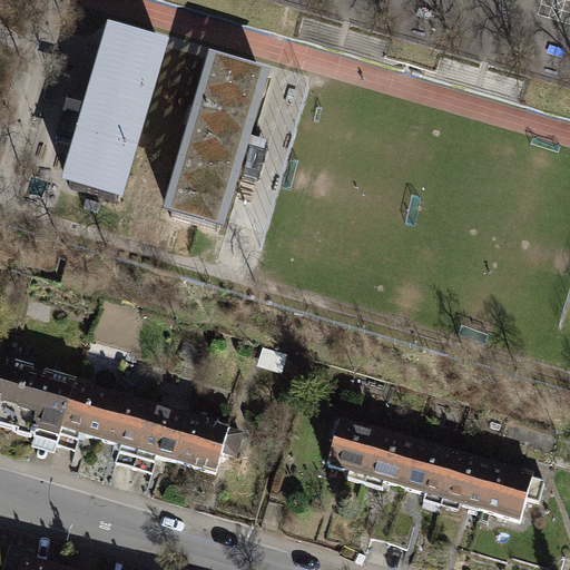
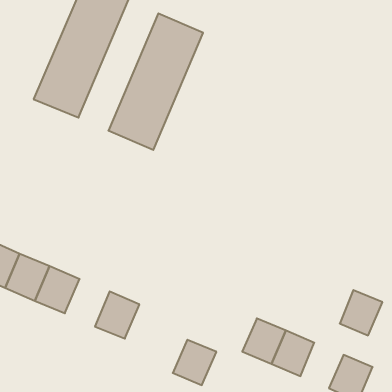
building: [134,403,187,461] -> none
building: [326,415,379,471] -> [173,340,216,385]
building: [443,449,494,504] -> [340,290,382,335]

